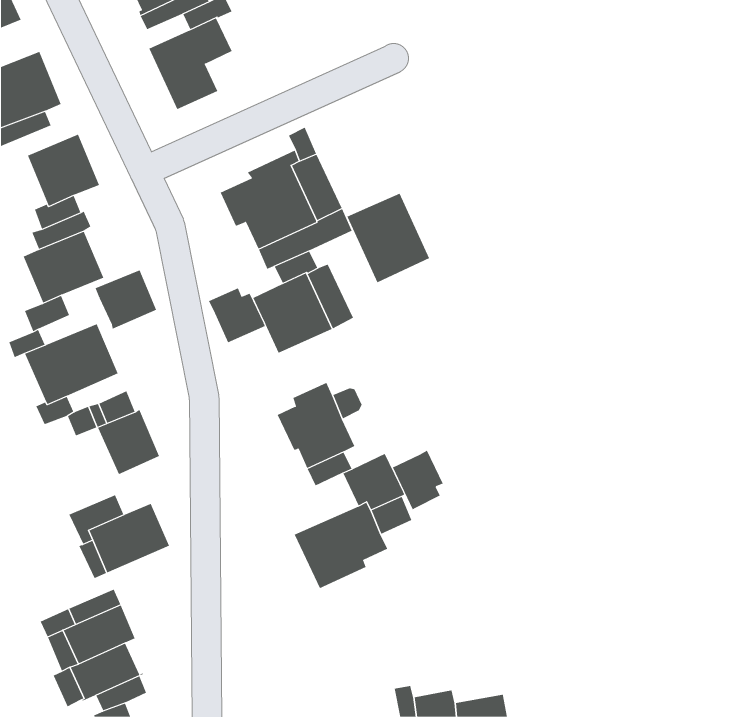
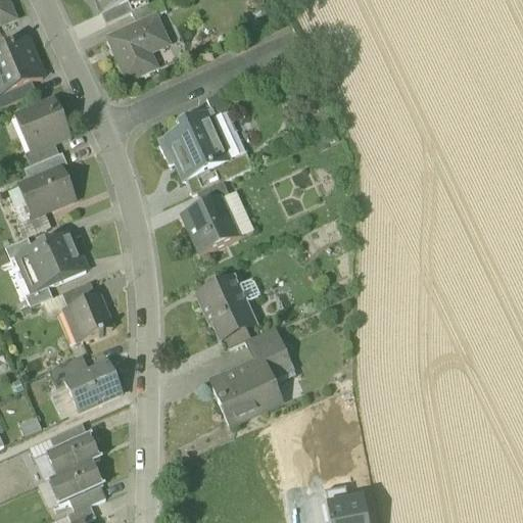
building: [346,193,430,283] -> none
building: [95,270,157,330] -> none
building: [208,287,266,343] -> none
building: [392,450,444,510] -> none

